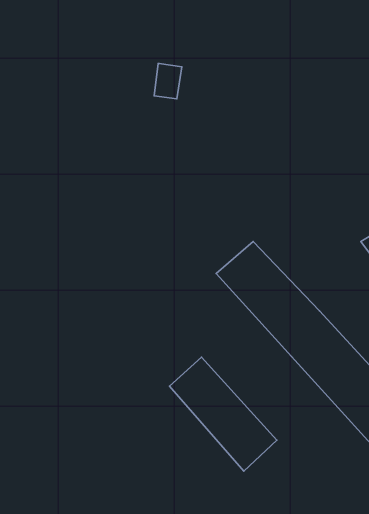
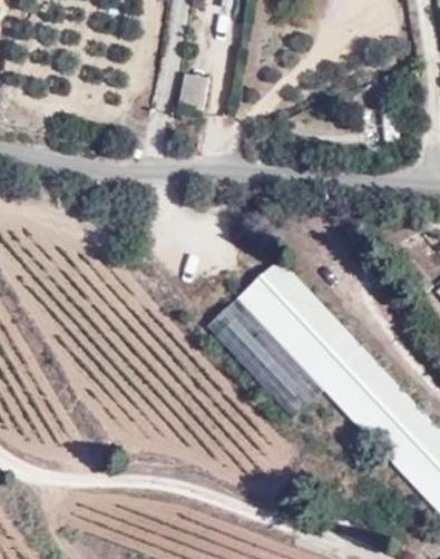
building: [169,357,277,471] -> [207,295,323,418]

